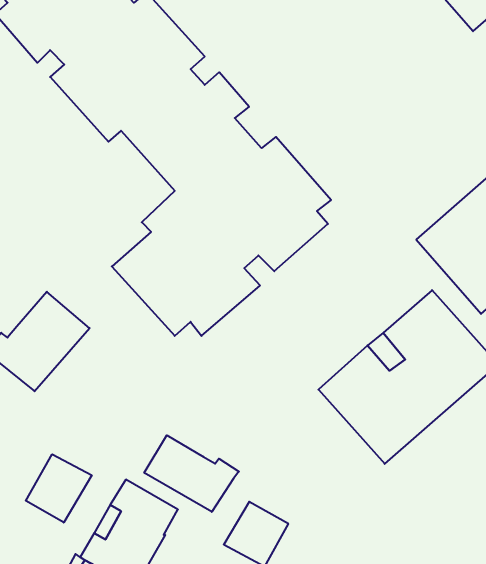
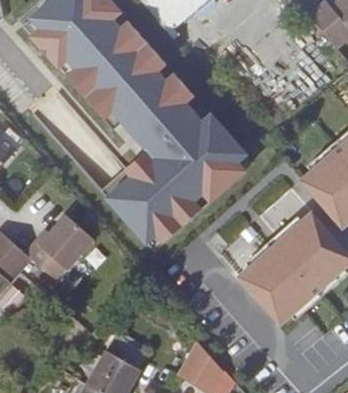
building: [144,435,239,512] -> none
building: [26,454,92,523] -> none

